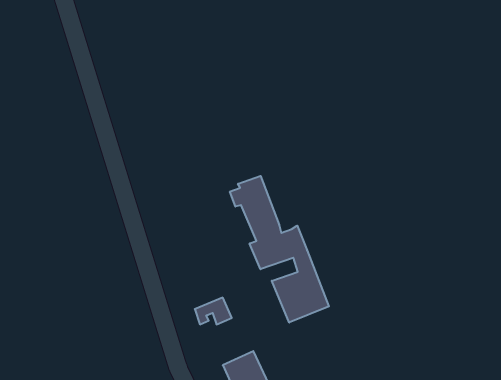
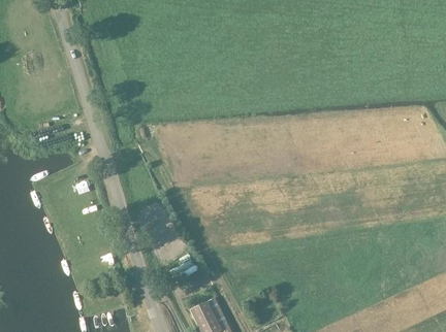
building: [230,176,329,323] -> none

